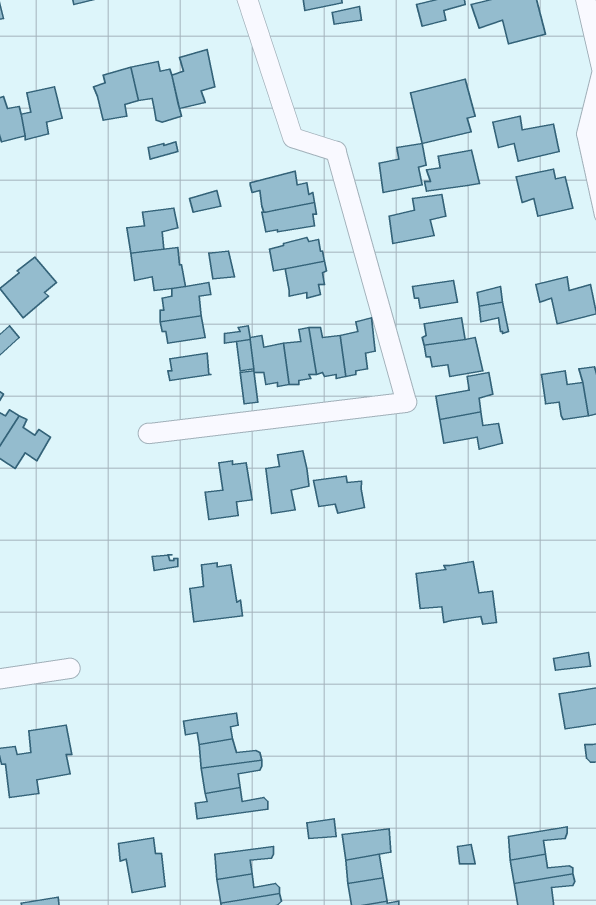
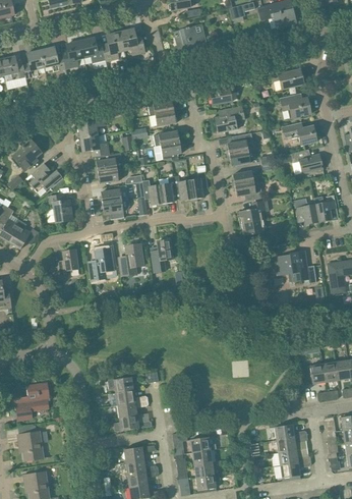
building: none -> [120,27,145,54]
building: none -> [41,46,66,70]
building: [411,79,475,144] -> [173,23,207,57]
building: [425,150,479,191] -> [226,132,254,154]
building: none -> [282,121,316,145]
building: none -> [30,163,61,190]
building: none -> [49,193,72,221]
building: none -> [101,199,129,219]
building: none -> [58,248,78,278]
building: [313,476,365,513] -> none
building: [416,562,497,624] -> [275,250,316,282]
building: [190,563,243,622] -> [89,248,116,279]
building: none -> [274,421,307,440]
building: [118,838,165,893] -> [18,432,43,460]

